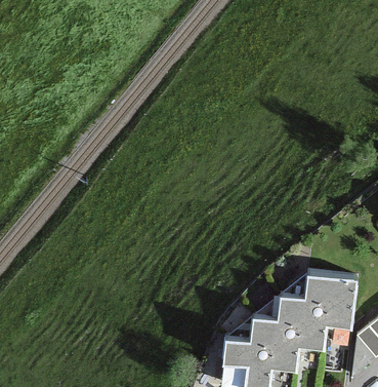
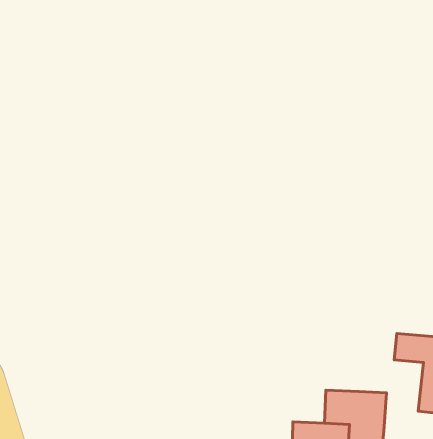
building: [281,291,331,347] -> none

